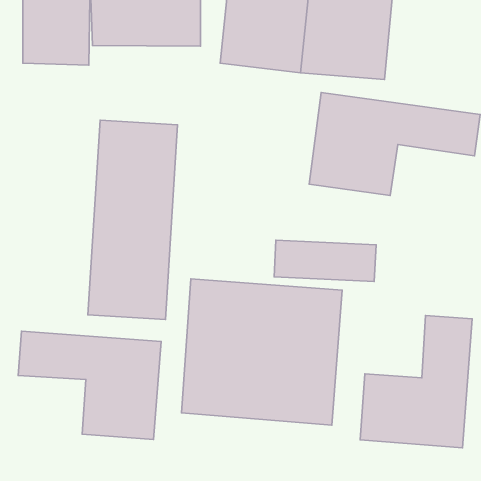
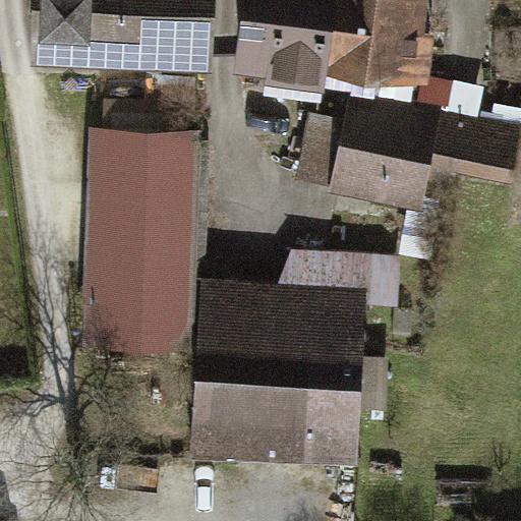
building: [360,315,472,448] -> none
building: [18,331,161,439] -> none

